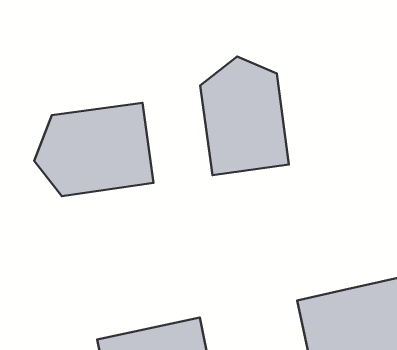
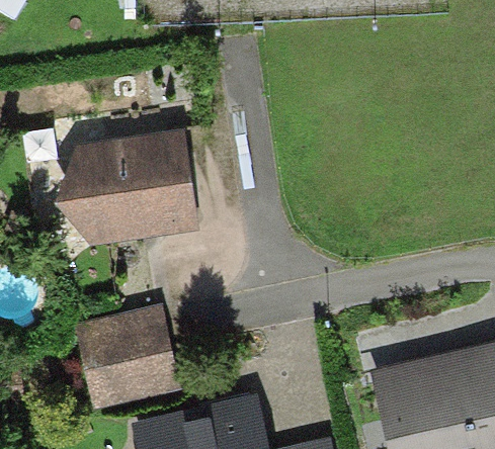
building: [200,57,289,175] -> none
building: none -> [75,303,182,407]

